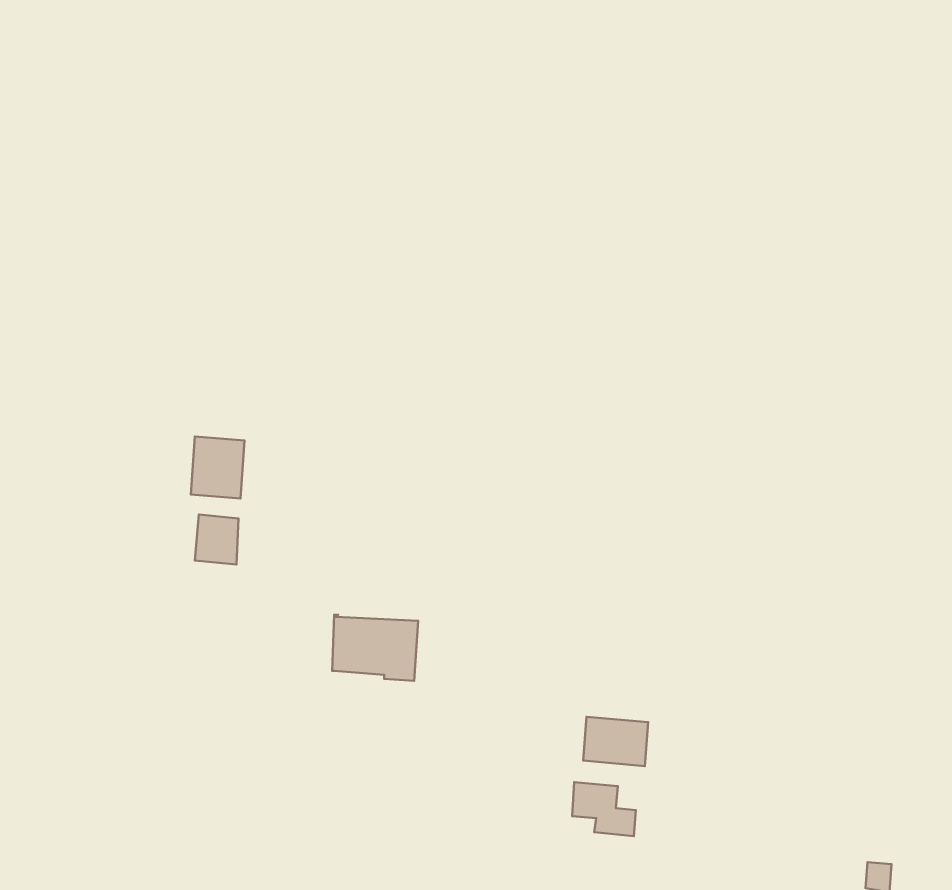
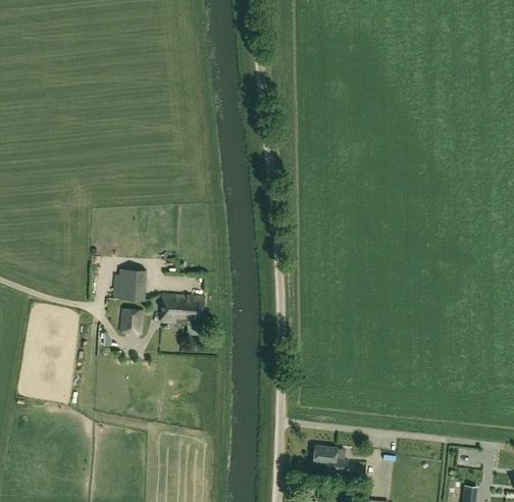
building: [332,615,418,681] -> [161,293,205,327]
building: [583,717,648,766] -> none

